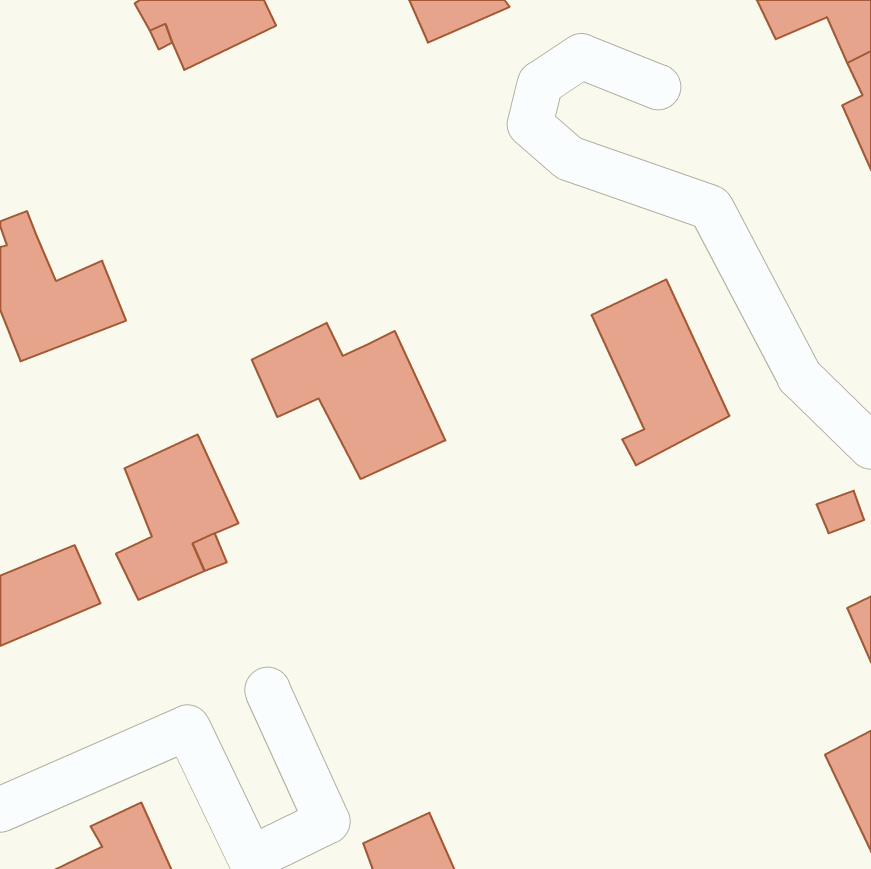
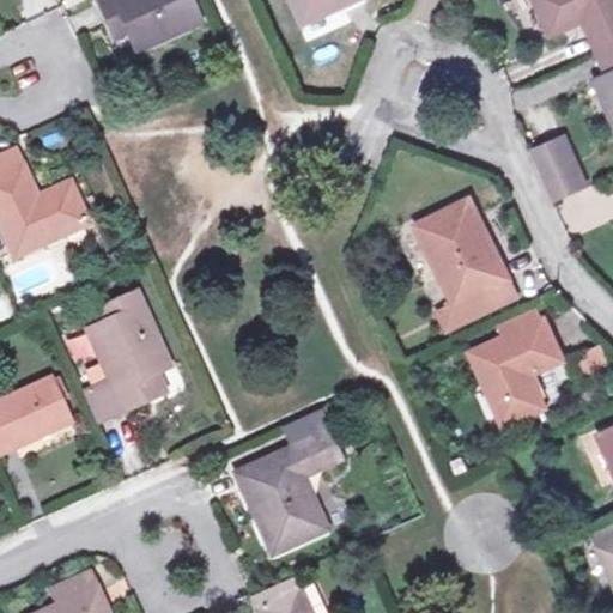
building: none -> [529,133,584,200]
building: [252,323,445,479] -> none
building: none -> [468,309,557,423]
building: none -> [239,412,342,552]

